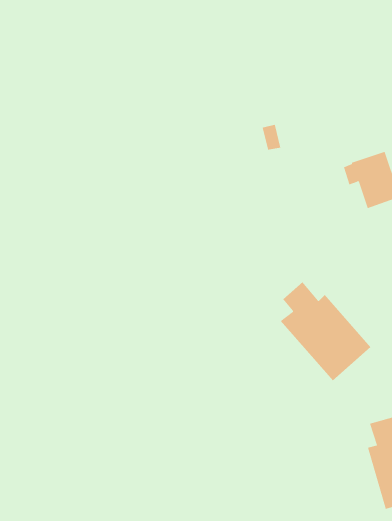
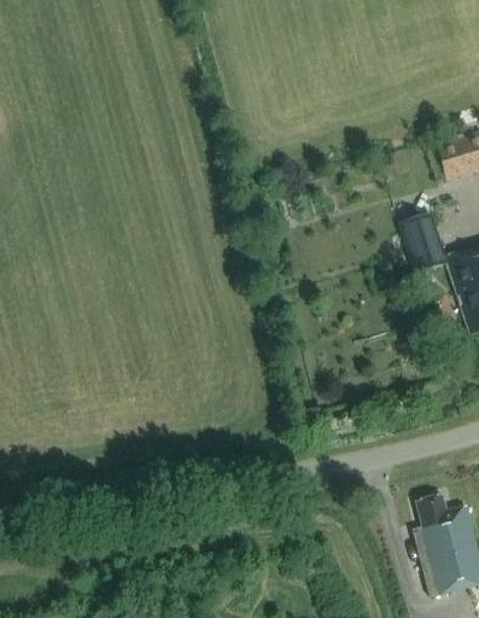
building: [280,282,371,381] -> none

